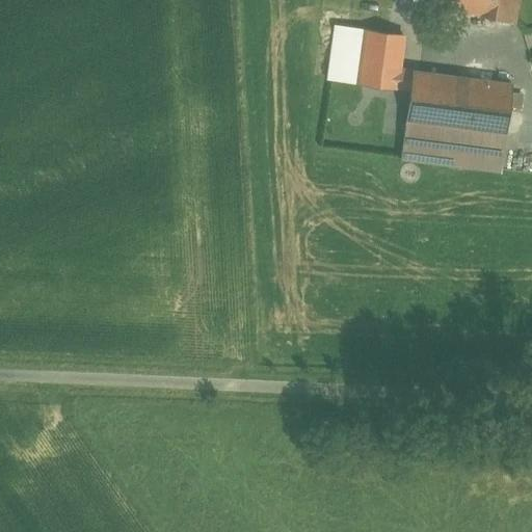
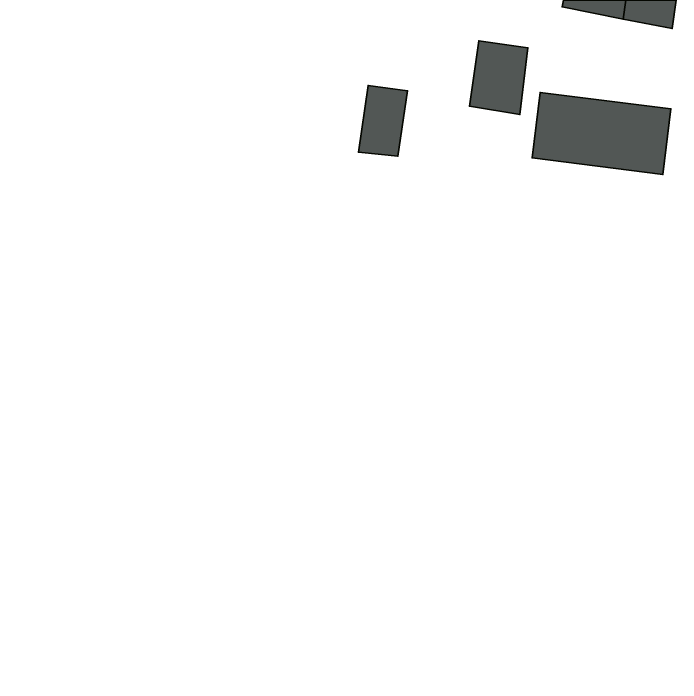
building: [329,27,367,81] -> [359,85,408,156]
building: [403,121,507,169] -> none

